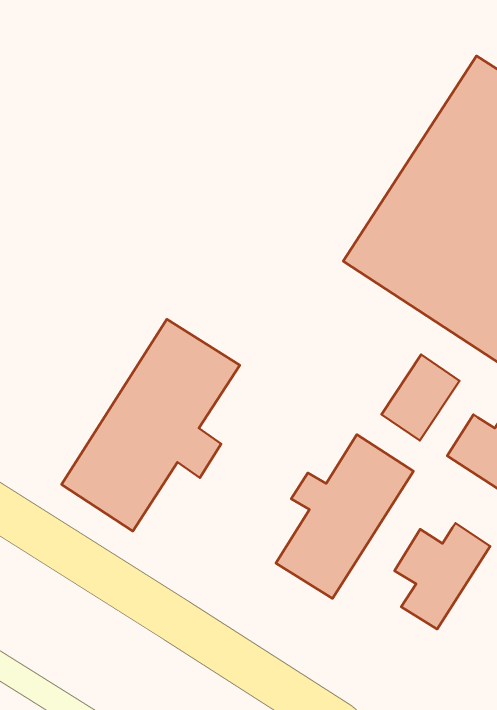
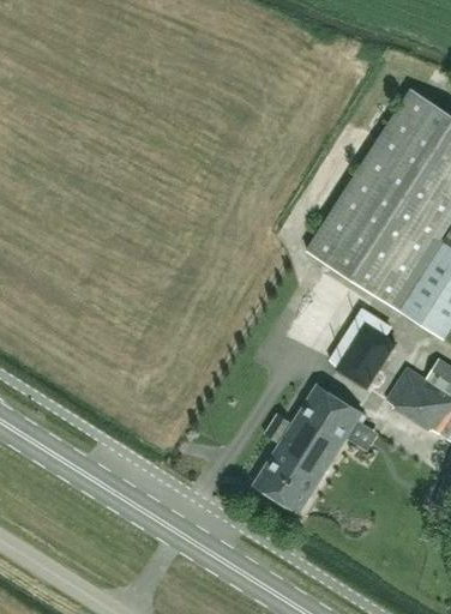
building: [61,319,240,531] -> none
building: [395,523,490,629] -> none

